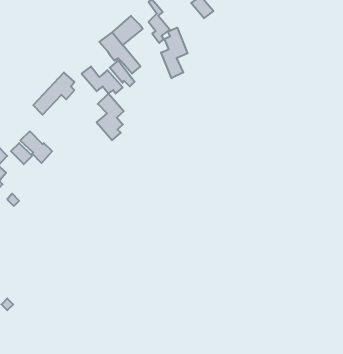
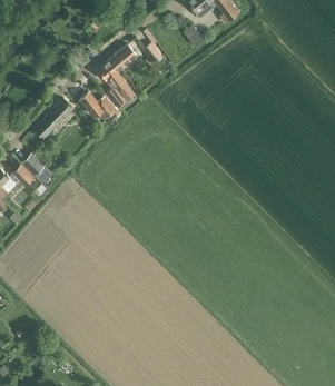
building: [161,28,188,78] -> none
building: [97,93,124,140] -> none

